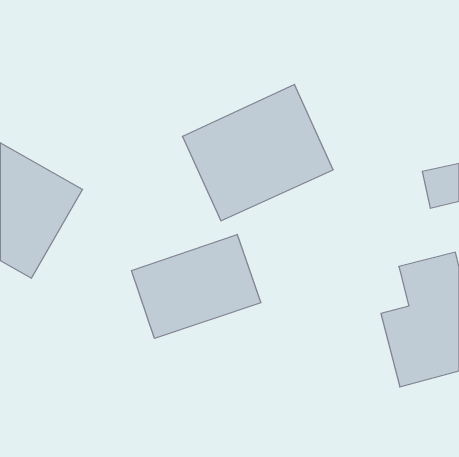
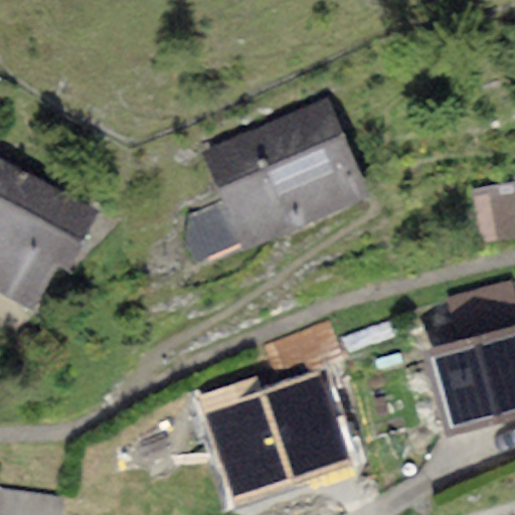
building: [131,234,261,338] -> none
building: none -> [197,373,348,504]

